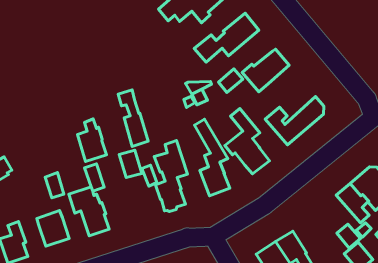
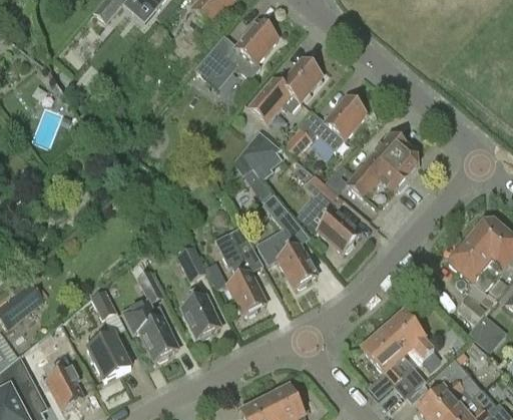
building: none -> [362,131,404,184]
building: [118,90,148,147] -> none
building: [78,119,106,161] -> [181,284,220,337]

